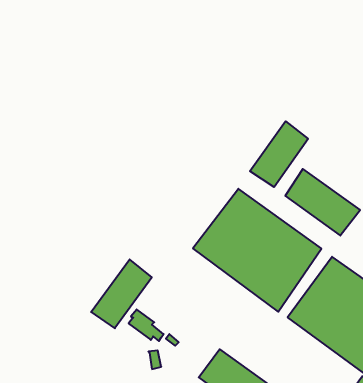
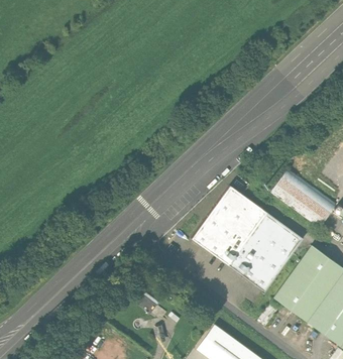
building: [250,121,308,187] -> none
building: [91,259,152,328] -> none

